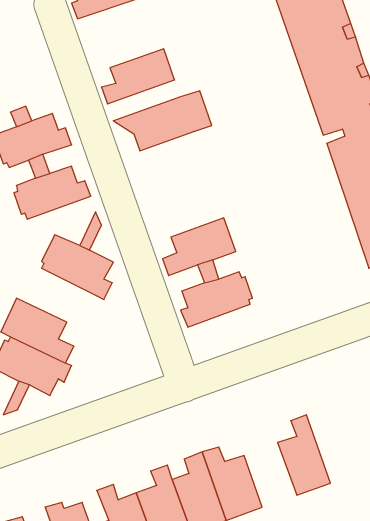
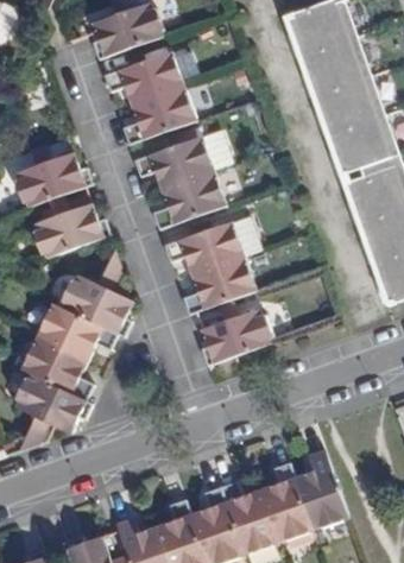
building: none -> [101,51,182,107]
building: none -> [151,170,223,229]
building: none -> [163,215,258,274]
building: none -> [36,302,115,359]
building: none -> [261,463,314,542]

